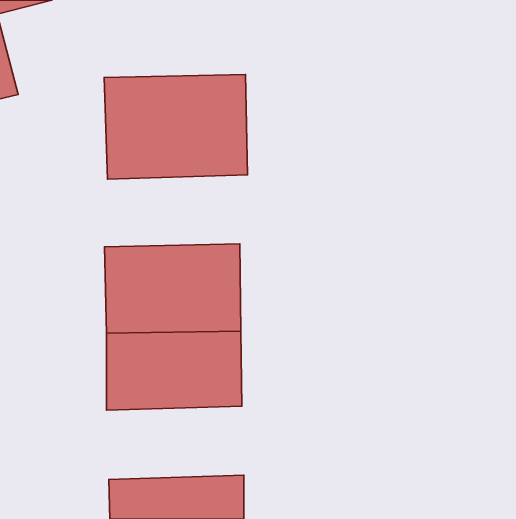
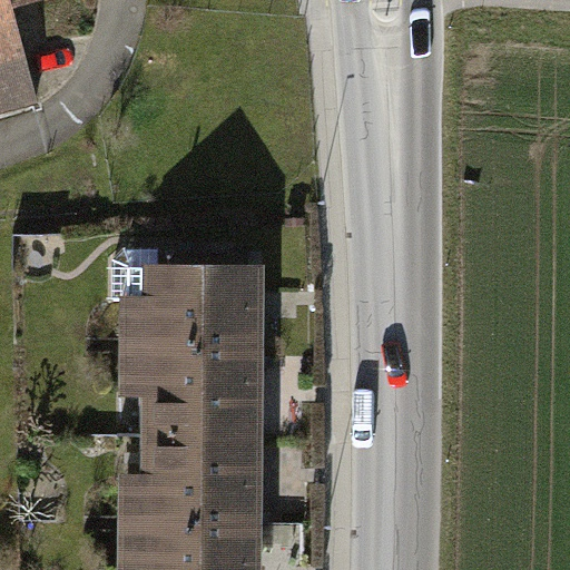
building: [104,74,248,179] -> none
building: none -> [117,445,267,525]

